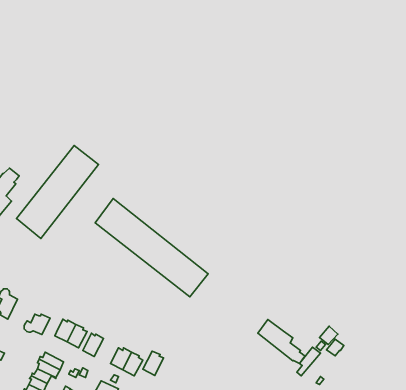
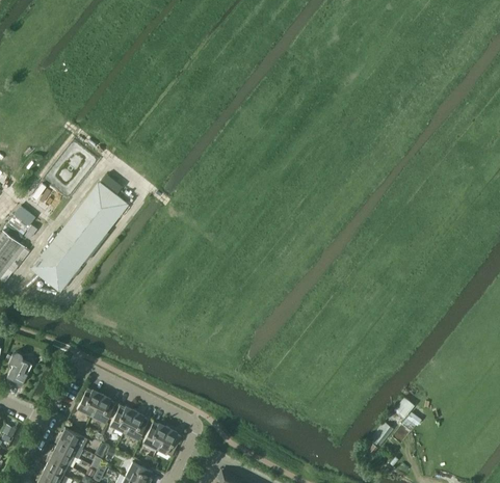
building: [95,199,208,297] -> none
building: [24,314,50,335] -> none
building: [258,320,305,364] -> none
building: [143,351,164,375] -> [124,411,149,440]

